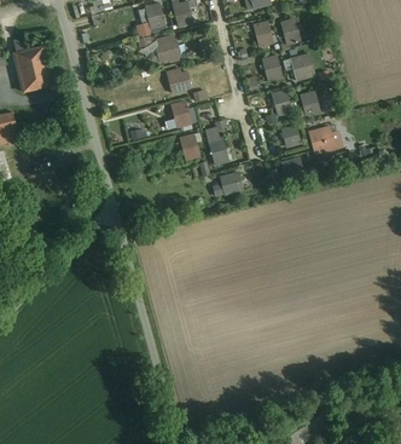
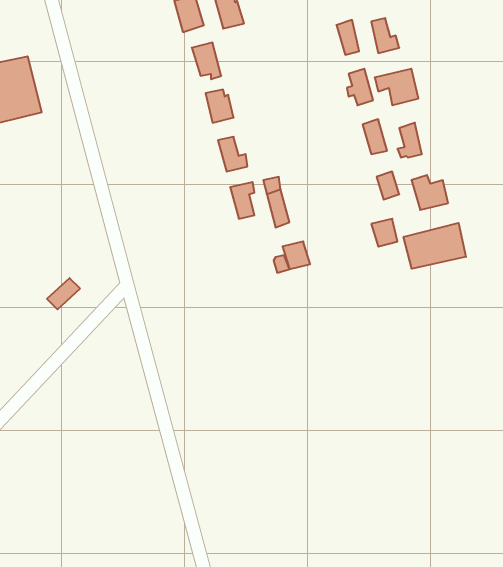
building: none -> [404,223,466,269]

